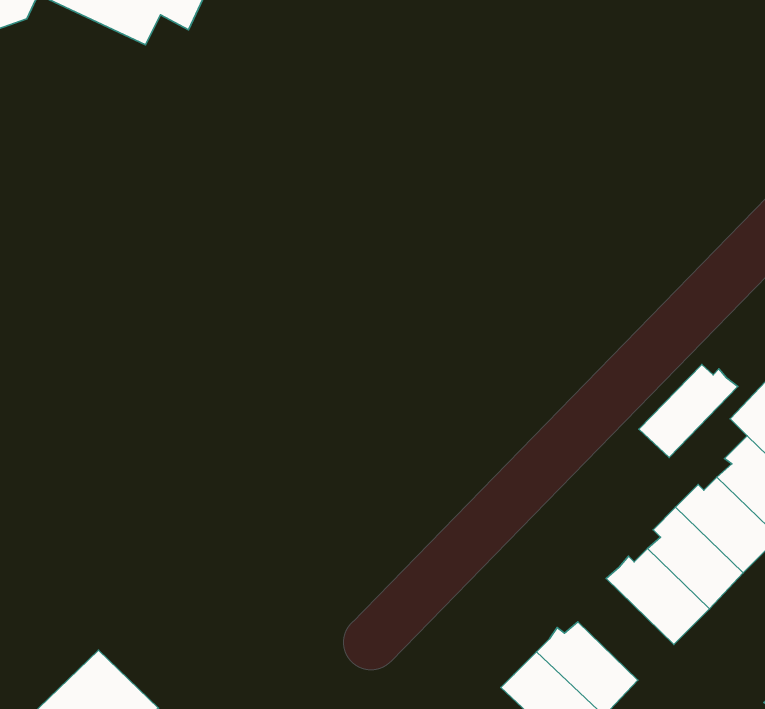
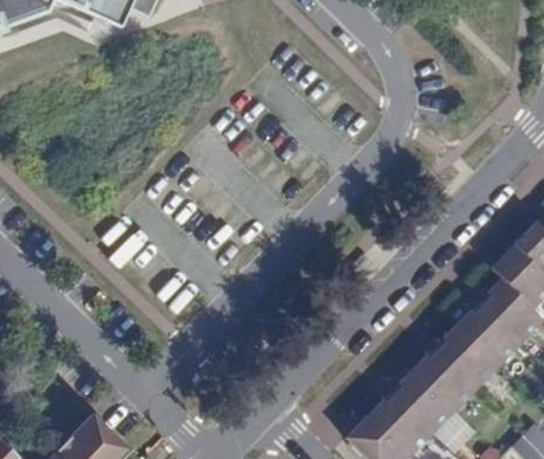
building: [639,365,738,457] -> none
building: none -> [393,368,454,432]

